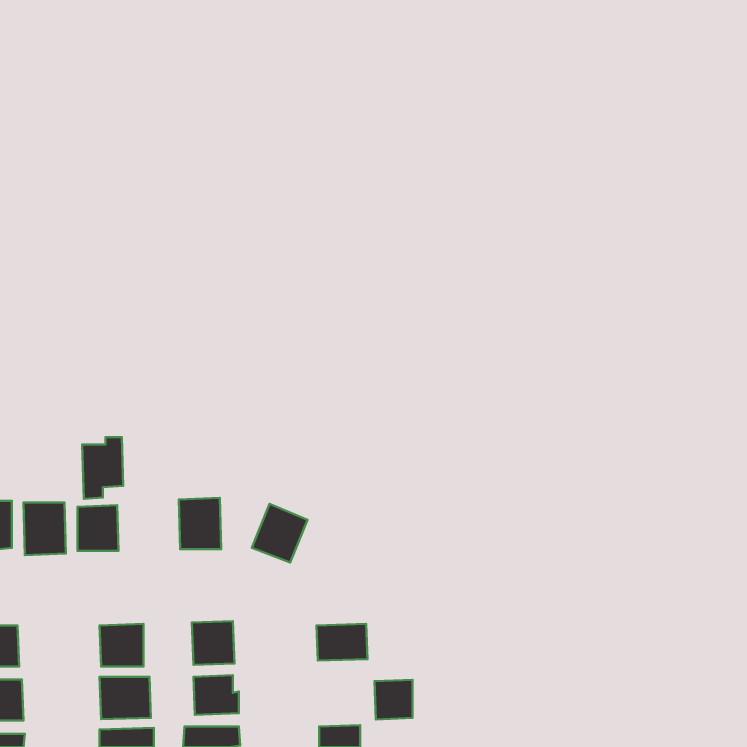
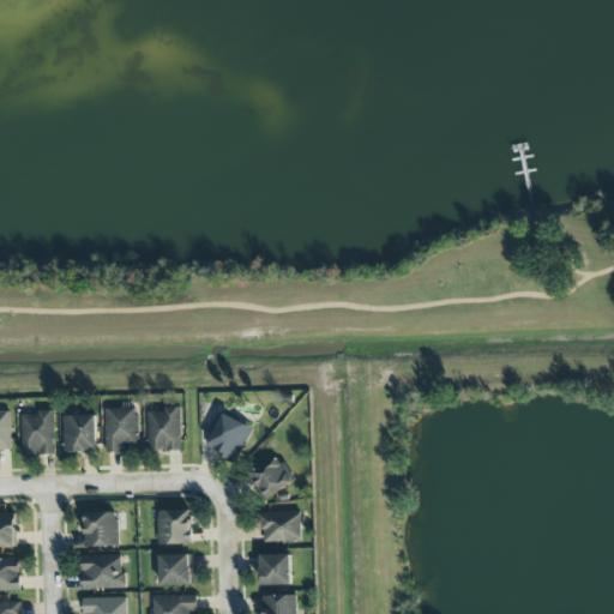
building: [82,437,123,499] -> [104,402,138,452]
building: none -> [249,456,293,498]
building: [374,680,412,719] -> [259,553,290,585]

